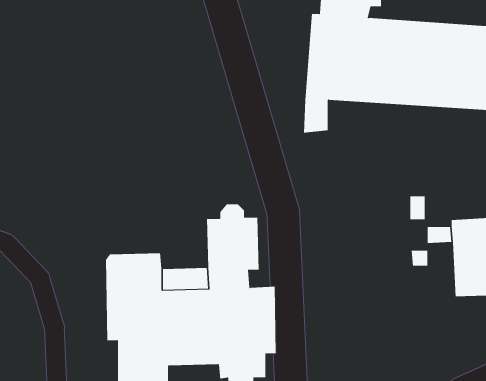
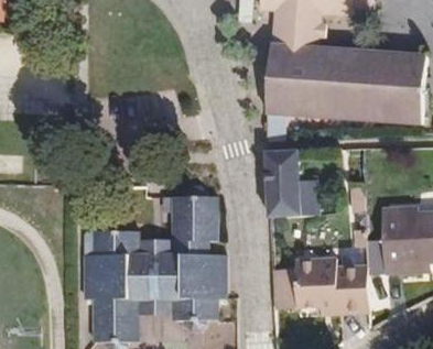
building: none -> [261,145,334,214]
building: none -> [264,259,366,310]

